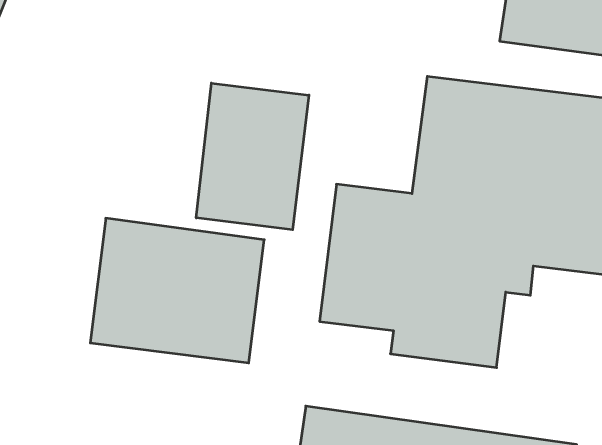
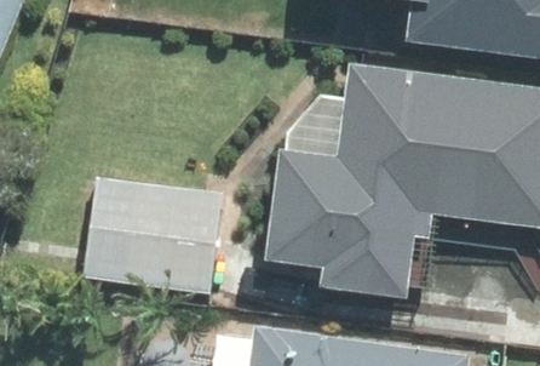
building: [196,83,309,230] -> none

